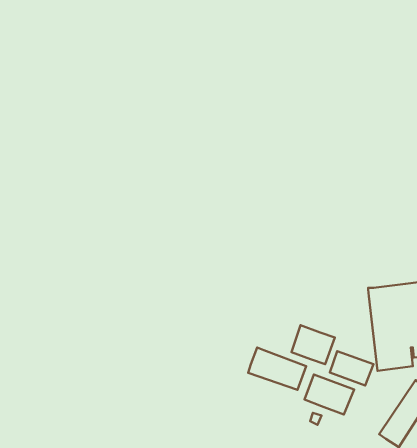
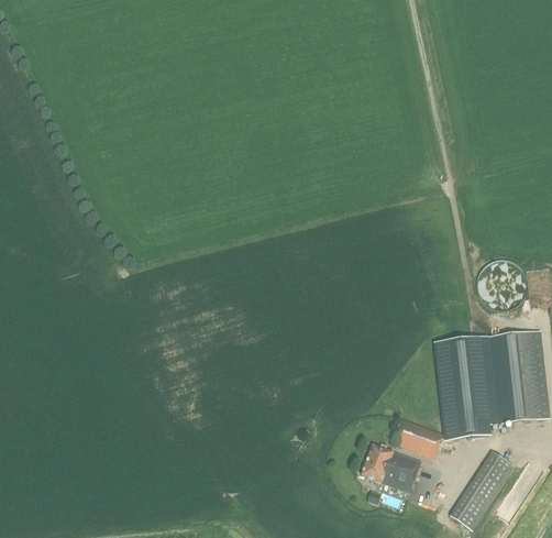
building: [291,325,335,364] -> none
building: [248,348,306,390] -> none

